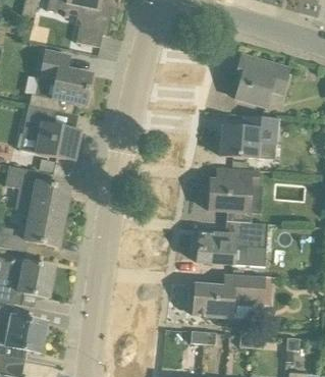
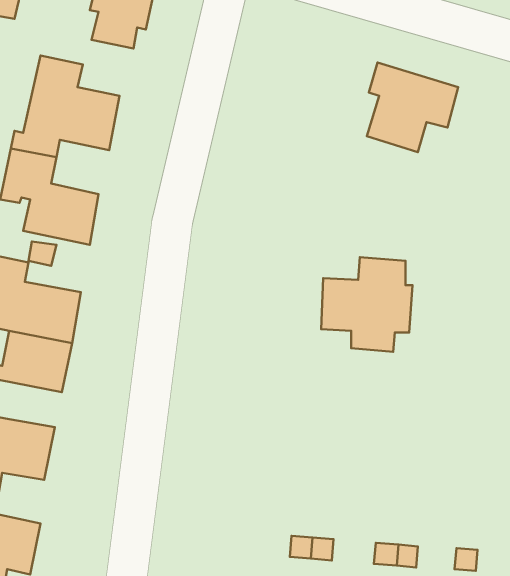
building: [219,115,277,159] -> none
building: [196,219,266,264] -> none
building: [193,273,263,316] -> none

